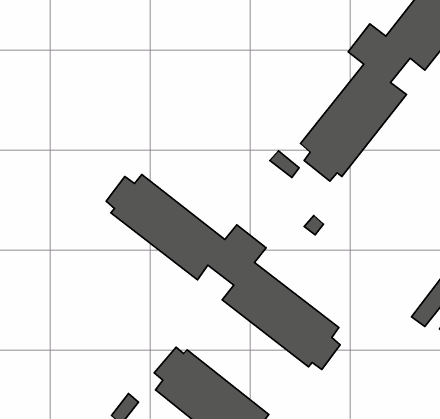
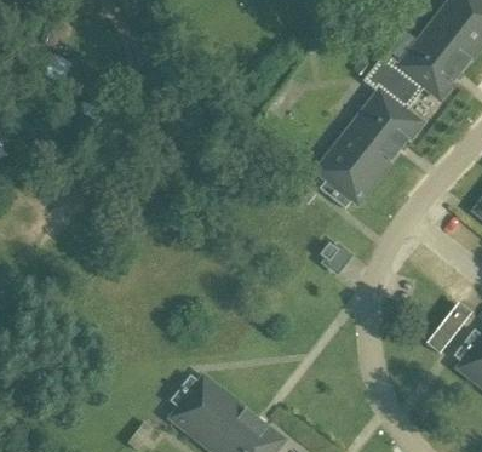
building: [106,174,340,369] -> none

